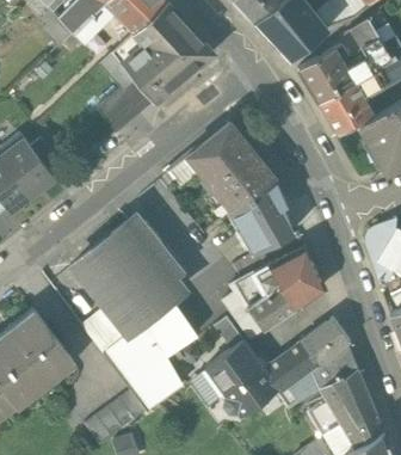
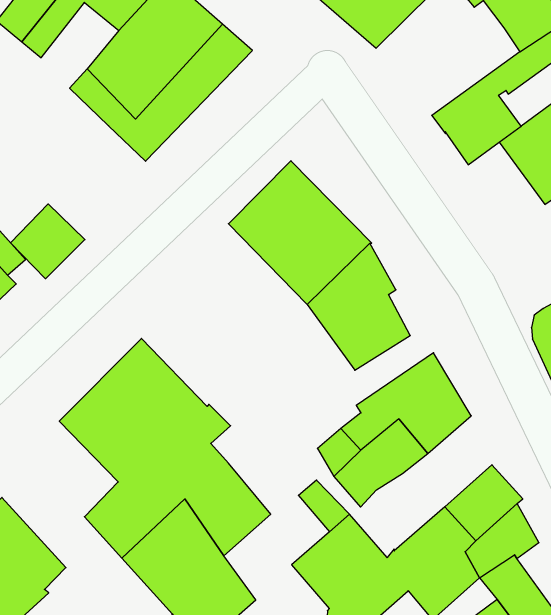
building: [298,49,376,104] -> none
building: [97,91,142,136] -> [11,204,85,279]

